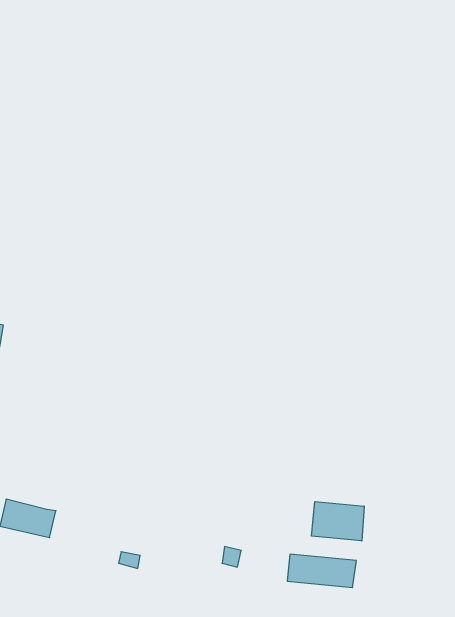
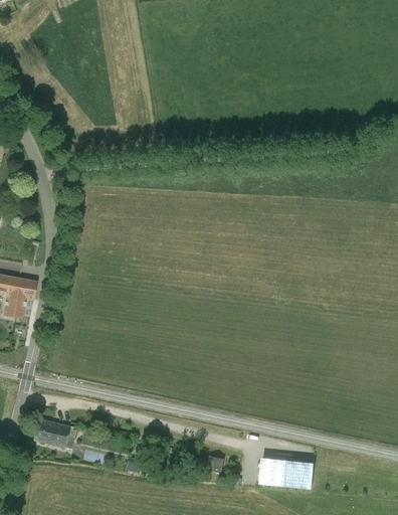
building: [312,502,364,541] -> none

